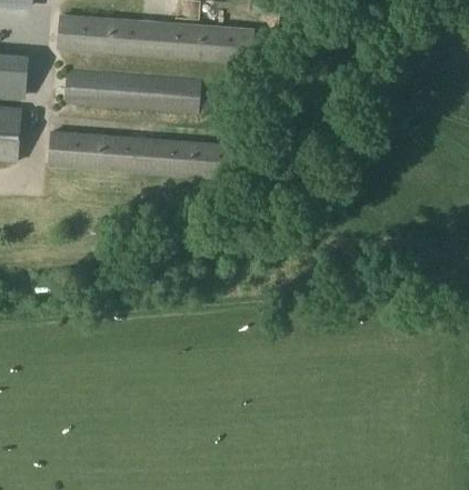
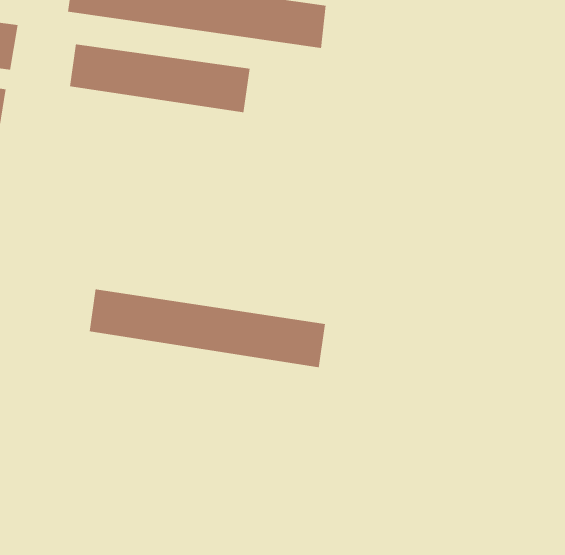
building: [51,130,228,177] -> [89,289,326,368]

